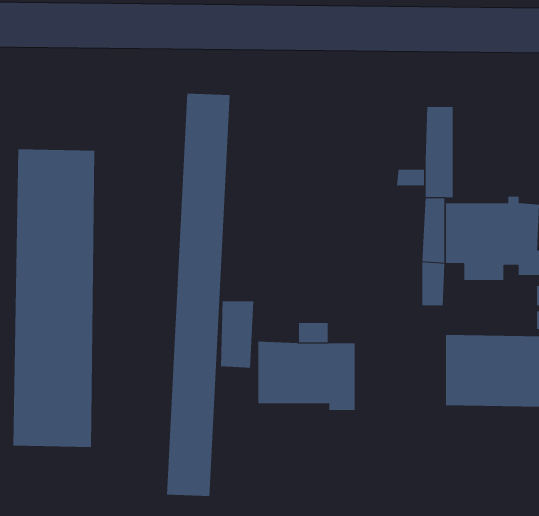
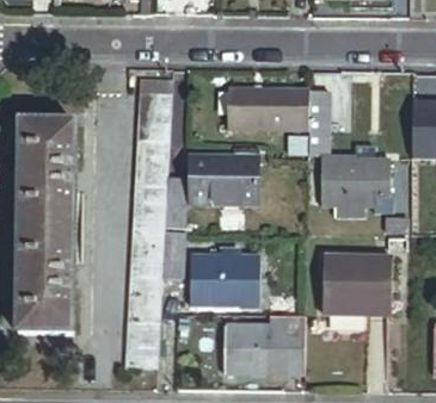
building: none -> [227,91,311,130]
building: none -> [166,156,258,225]
building: none -> [226,315,307,372]

